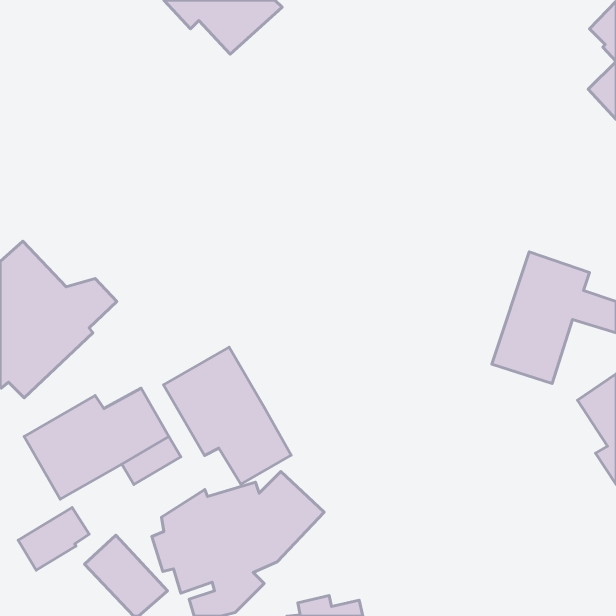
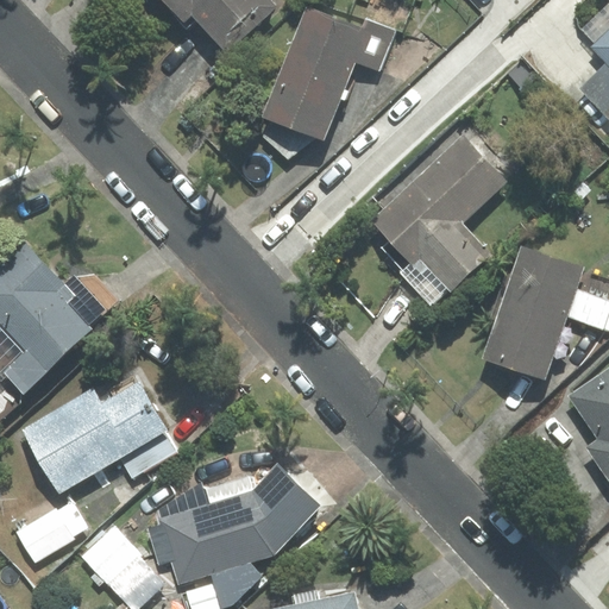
building: none -> [263,6,395,140]
building: none -> [372,136,507,304]
building: [164,347,291,484] -> none

